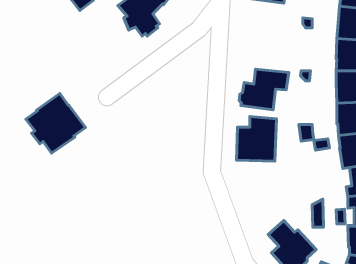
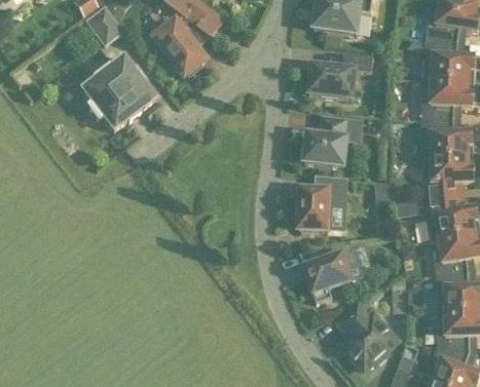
building: none -> [307,52,373,98]
building: [26,93,86,153] -> [80,55,154,129]
building: none -> [303,240,357,302]

